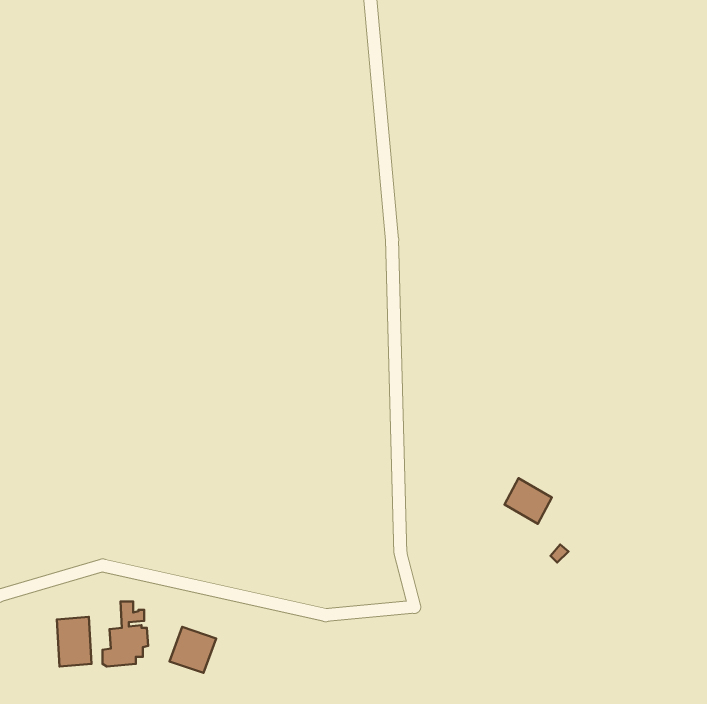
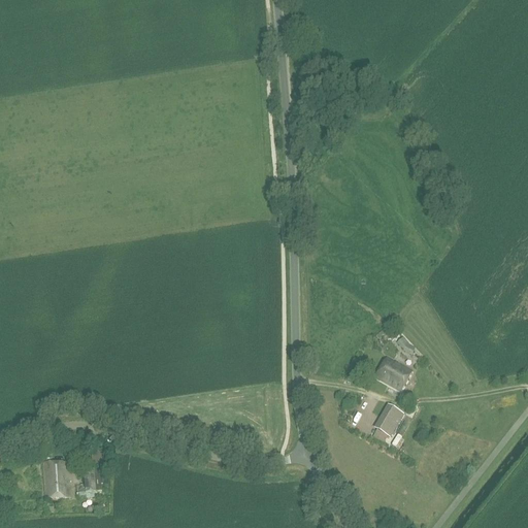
building: none -> [374,404,402,435]
building: [169,627,216,673] -> none

